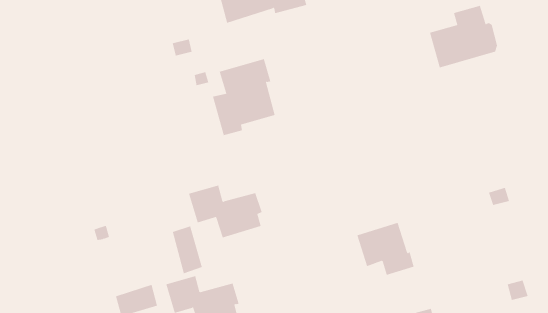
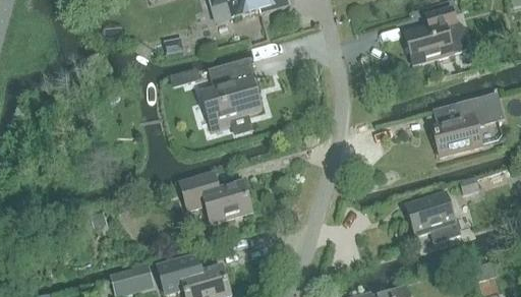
building: none -> [431,91,506,156]
building: [357,222,414,275] -> [406,192,460,242]
building: [172,225,202,274] -> none

